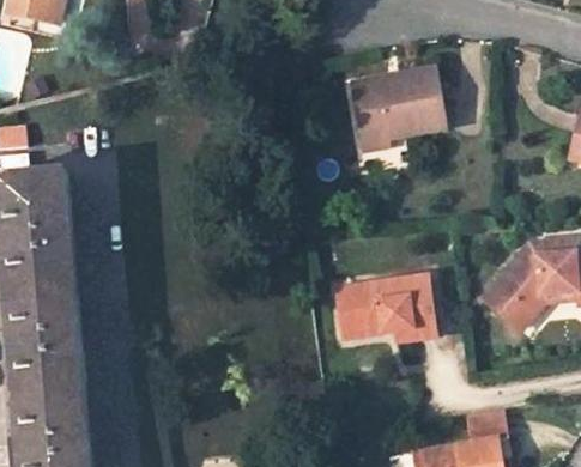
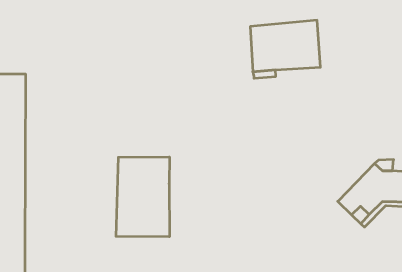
building: none -> [116,157,169,237]
building: [332,274,434,341] -> none

